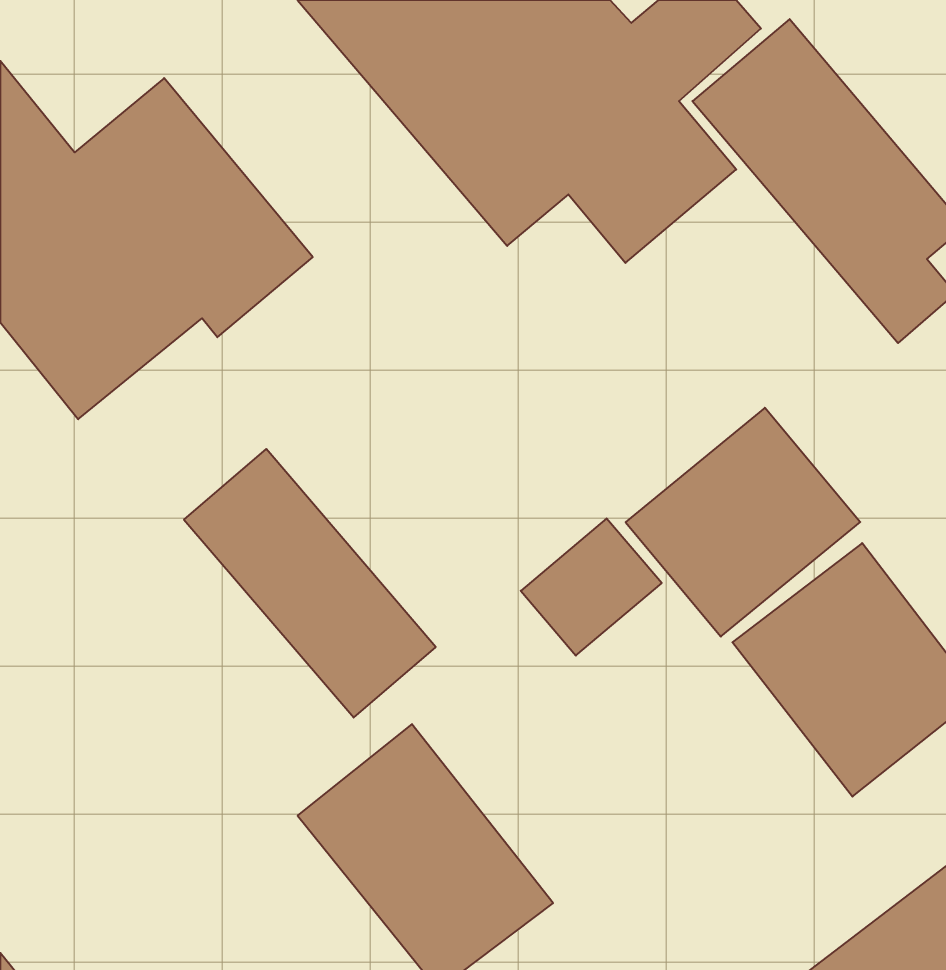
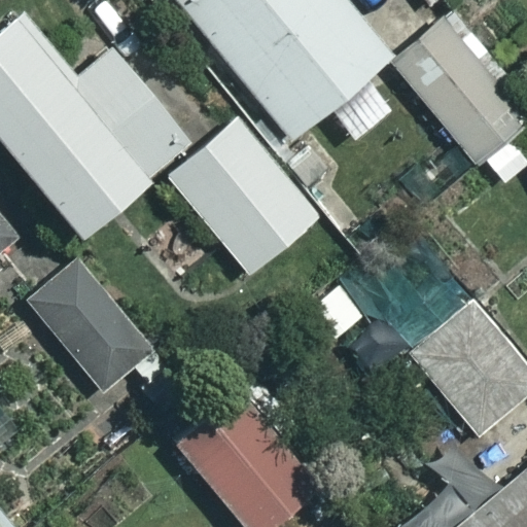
building: none -> [166,117,320,273]
building: [184,449,436,718] -> [31,266,167,411]

